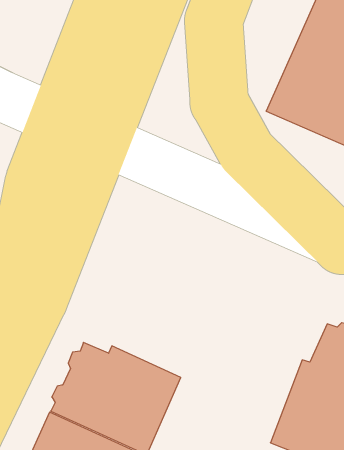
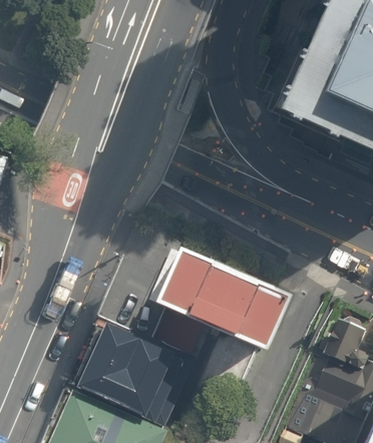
building: none -> [151,251,288,358]

